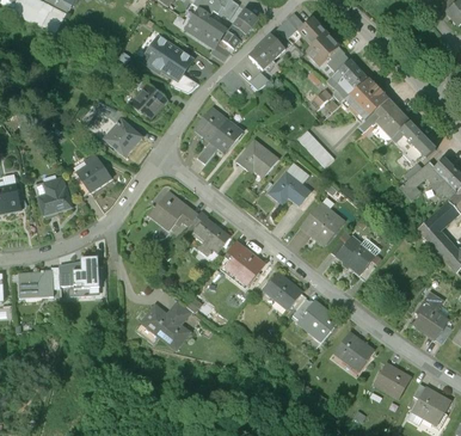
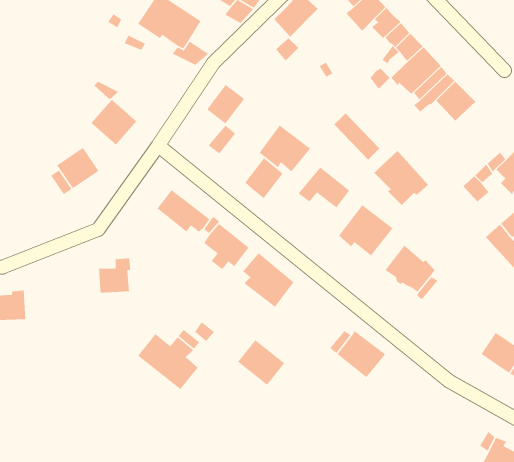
building: [129,82,166,116] -> none
building: [210,118,241,152] -> [244,157,283,199]
building: [391,121,435,165] -> [373,150,429,206]
building: [37,177,72,215] -> none
building: [72,258,98,287] -> [98,257,131,293]
building: [264,274,302,311] -> [237,339,285,386]
building: [333,332,374,371] -> none
building: [374,364,411,399] -> none

